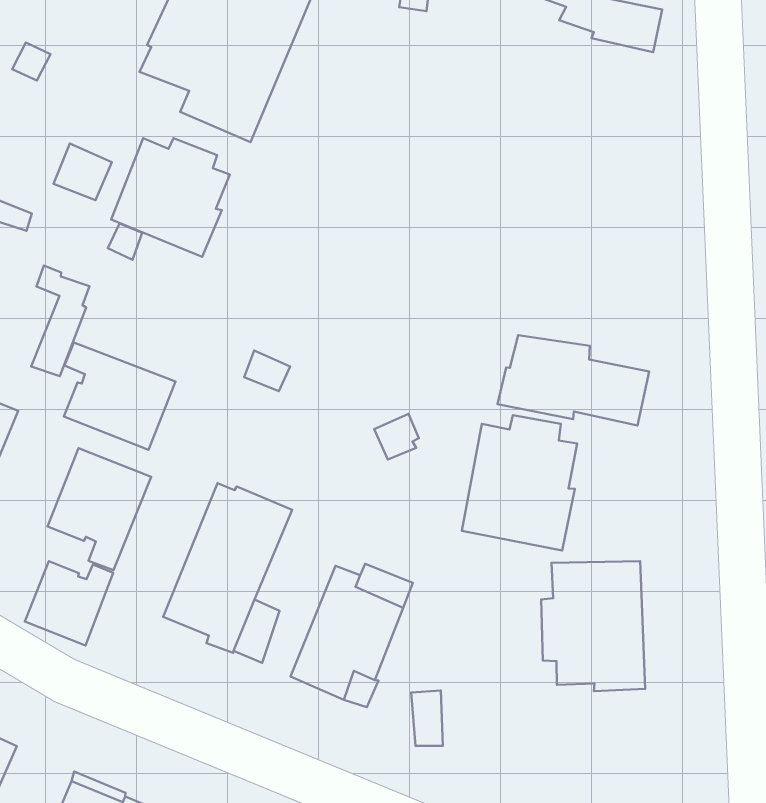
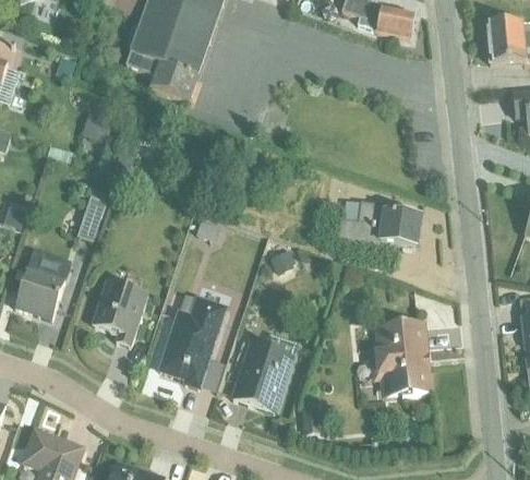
building: [111,138,230,257] -> none
building: [64,342,175,450] -> none
building: [462,415,577,551] -> none
building: [25,561,113,645] -> none

